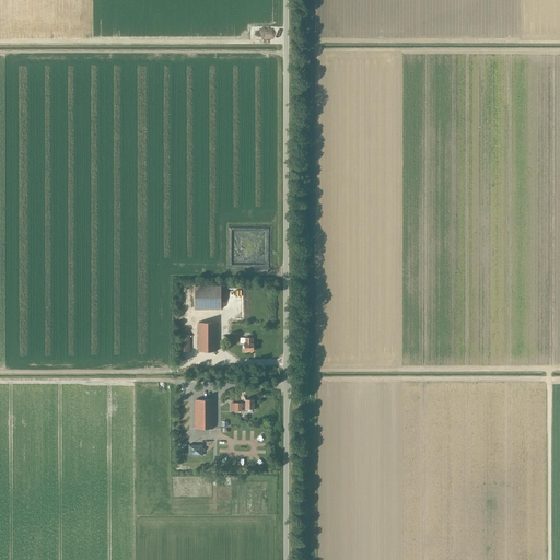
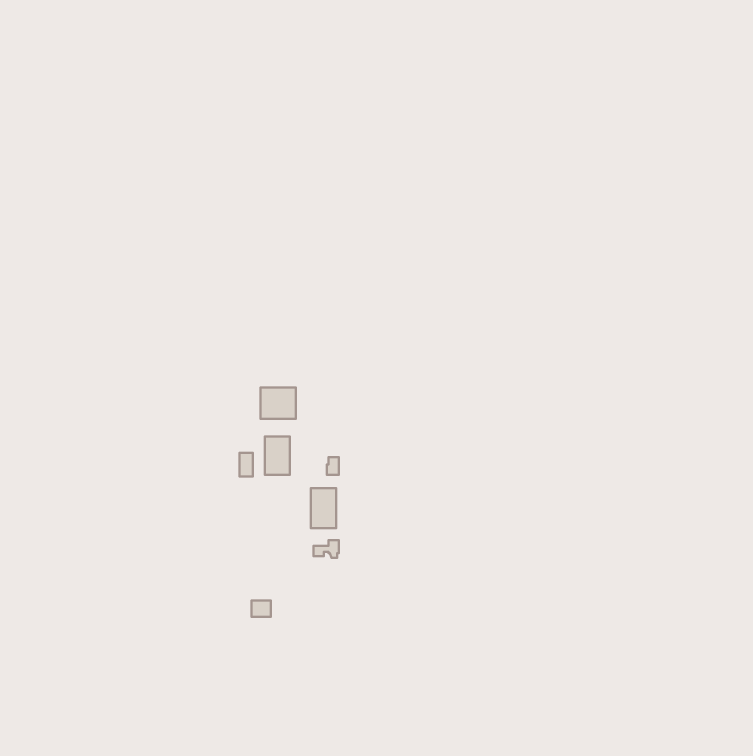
building: [192,399,211,429] -> [311,488,336,528]

